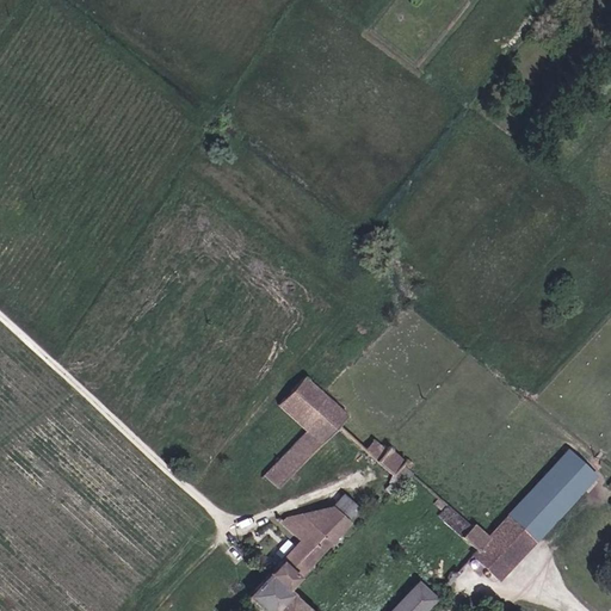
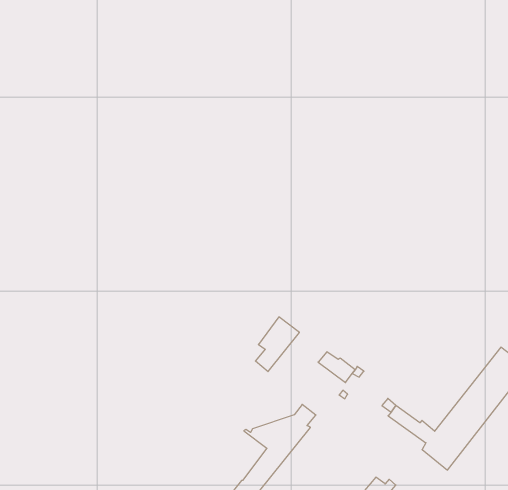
building: [280,377,327,425] -> none
building: [266,443,310,488] -> none

